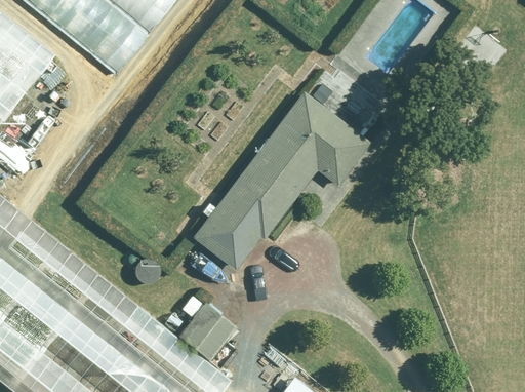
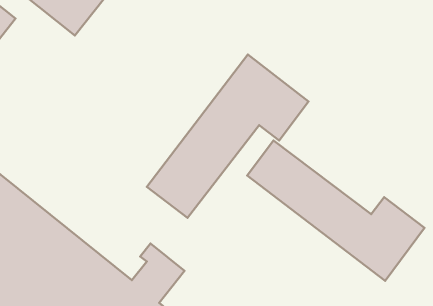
building: none -> [247,140,424,281]

